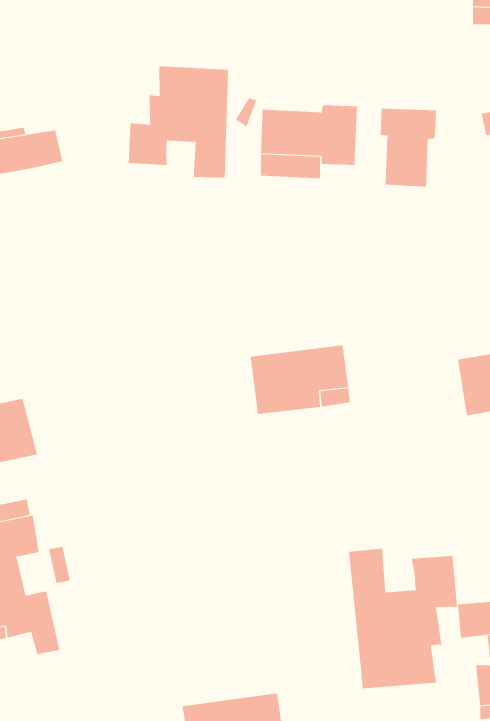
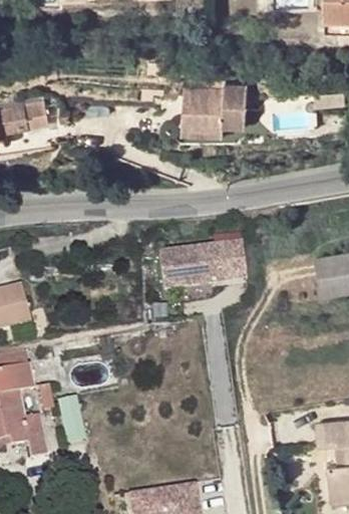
building: [128,66,228,179] -> none
building: [380,108,436,187] -> none
building: [348,548,458,689] -> none

